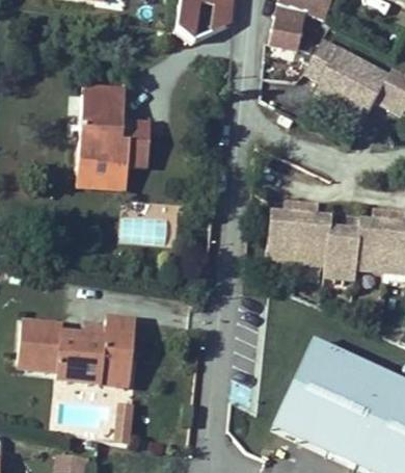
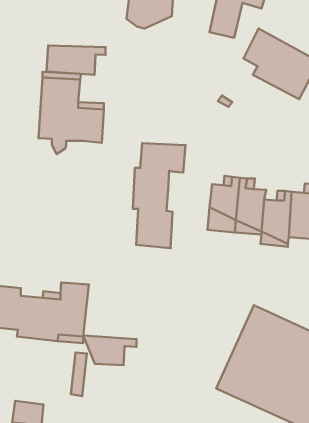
building: none -> [47,46,105,75]
building: none -> [133,143,186,248]
building: none -> [83,336,137,365]

